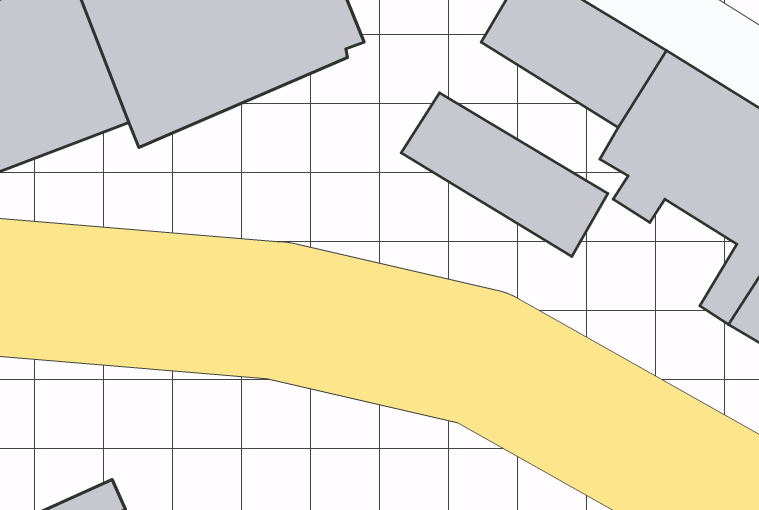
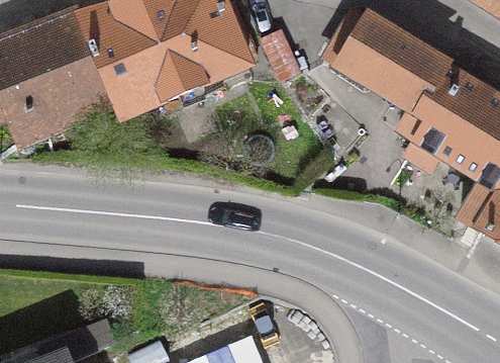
building: [401,93,608,256] -> none

